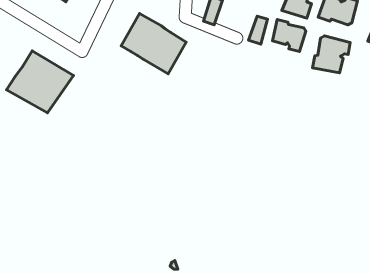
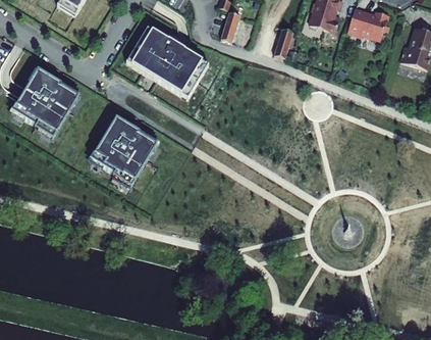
building: [272,20,306,51] -> none
building: [313,36,350,73] -> none
building: none -> [94,116,164,185]

